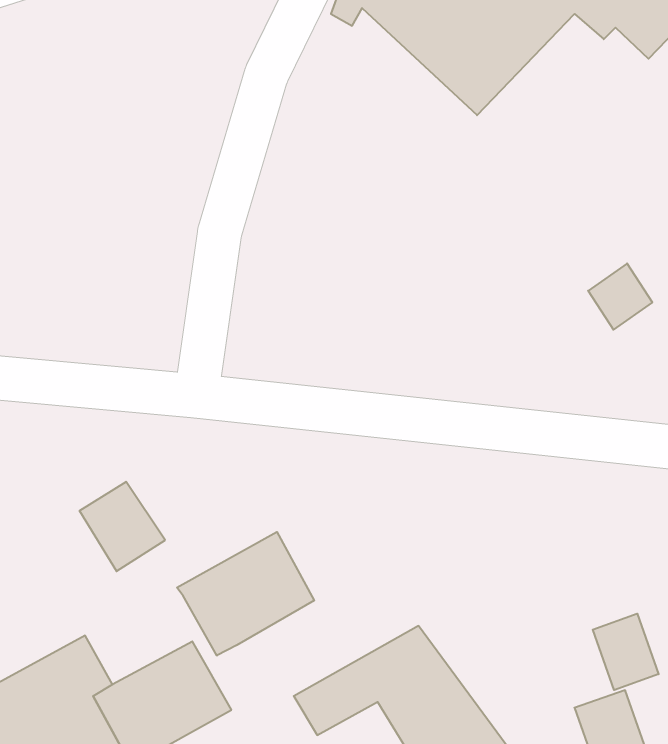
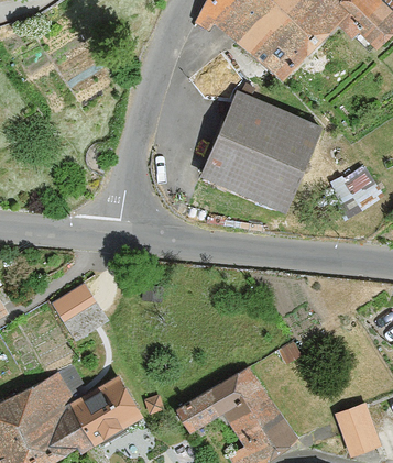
building: none -> [201,92,320,212]
building: [177,532,314,656] -> none
building: [593,614,659,690] -> none

